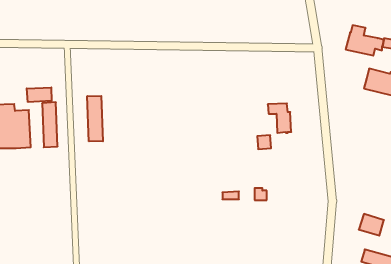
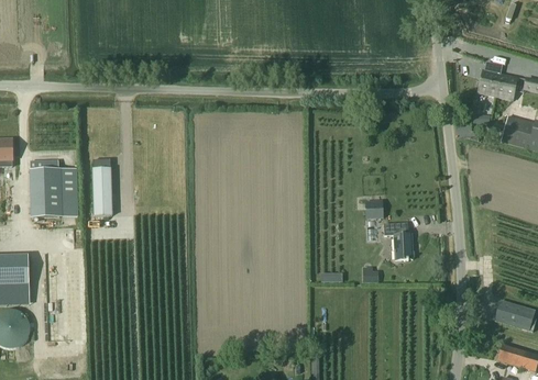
building: [27,87,51,102] -> none
building: [87,96,103,141] -> none
building: [268,103,291,133] -> [383,222,413,259]

